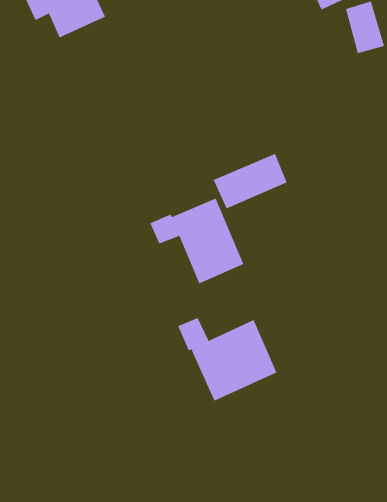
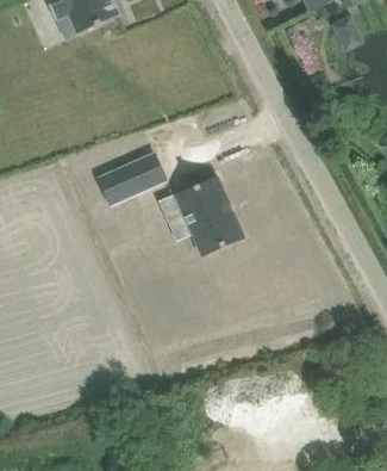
building: [213,153,287,209] -> [98,154,164,204]
building: [178,317,277,402] -> none

